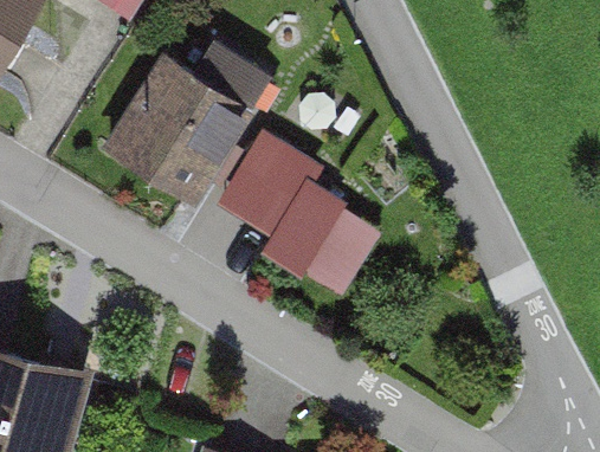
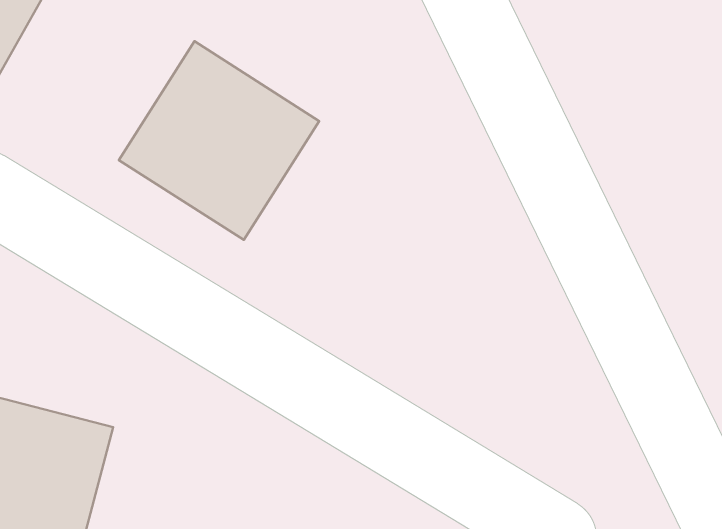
building: [220,120,387,292] -> none

